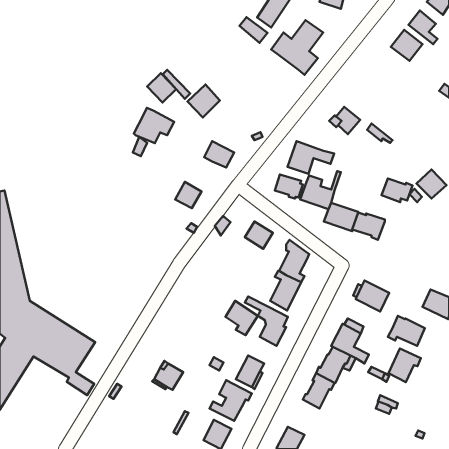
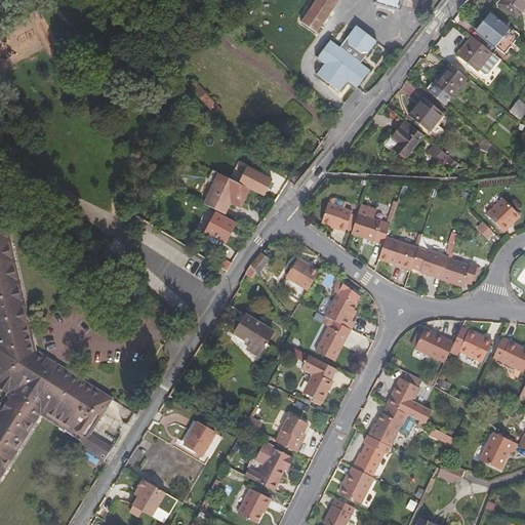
building: [239,17,268,43] -> [315,63,348,92]
building: none -> [433,63,467,97]
building: [147,73,176,103] -> none
building: none -> [408,96,443,131]
building: [188,84,220,118] -> none
building: [134,108,174,143] -> [200,171,247,212]
building: [288,141,334,174] -> none
building: [382,178,412,202] -> [441,257,477,285]
building: [225,301,258,335] -> [234,314,272,354]
building: [388,316,425,346] -> [448,326,491,361]
building: [388,349,421,382] -> [479,431,517,470]
building: none -> [338,465,374,502]
building: none -> [129,479,177,516]

